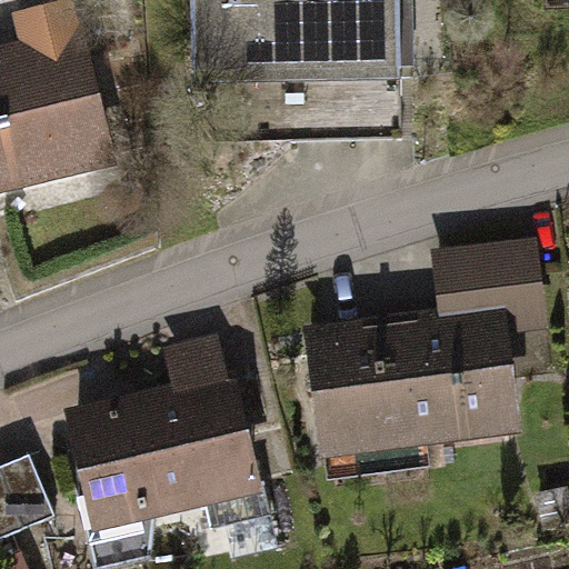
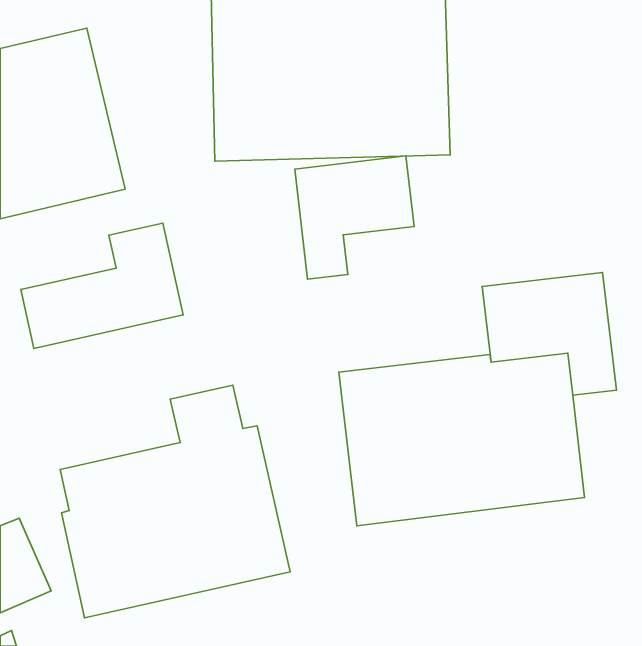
building: none -> [295,156,414,279]
building: none -> [21,223,183,348]

